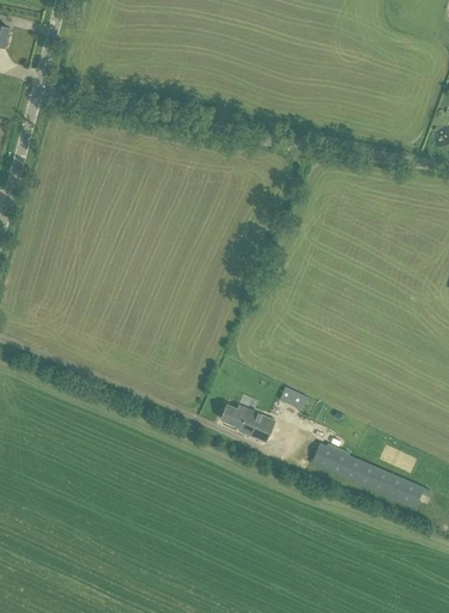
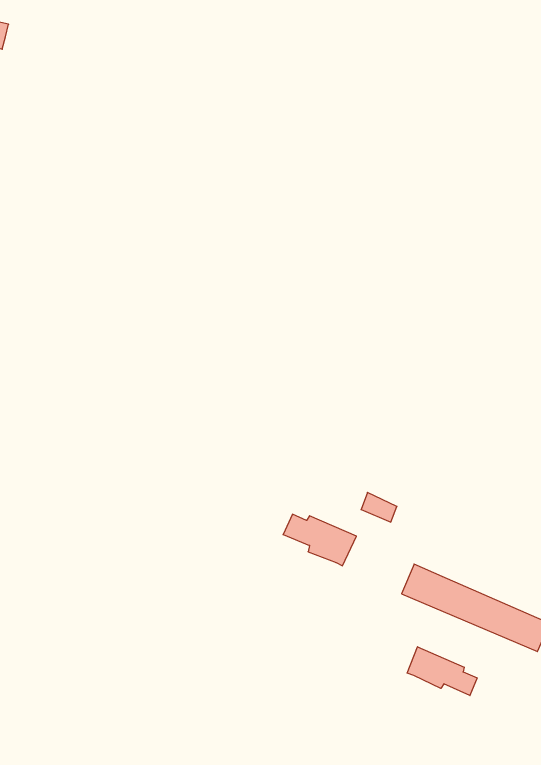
building: none -> [407,647,477,696]

